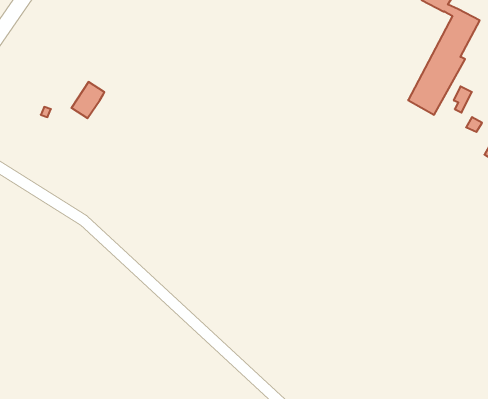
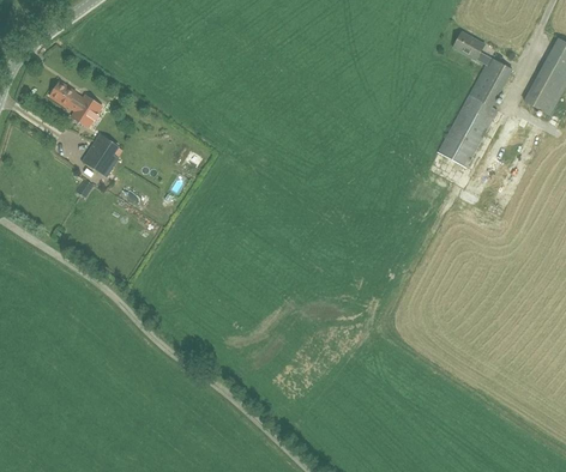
building: none -> [49,81,102,127]

